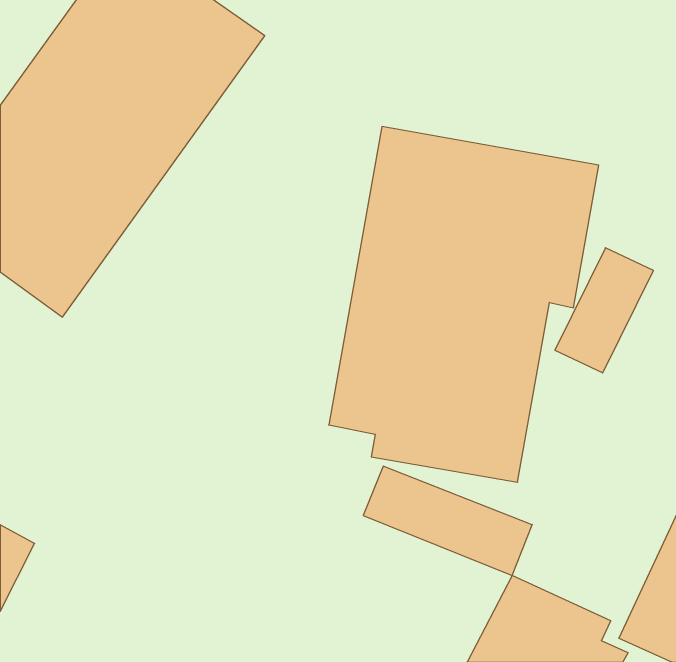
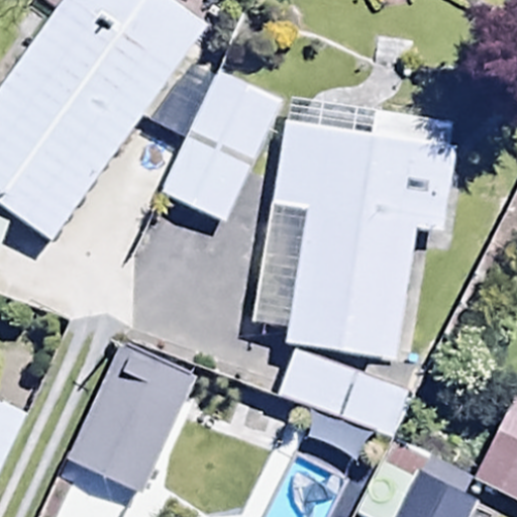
building: none -> [161,65,281,222]
building: none -> [68,344,193,494]

